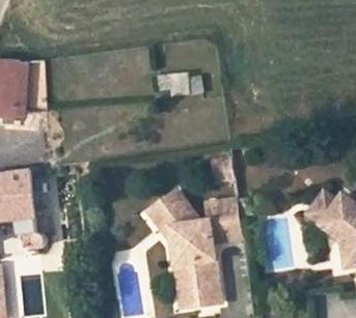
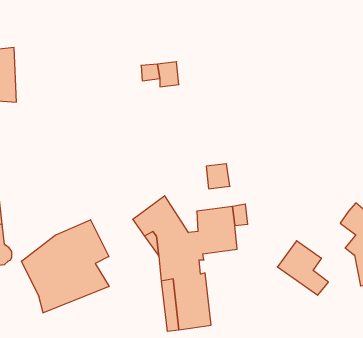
building: [298,189,343,236] -> [277,241,328,295]
building: none -> [21,220,109,313]

